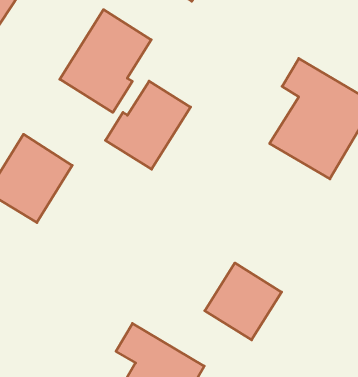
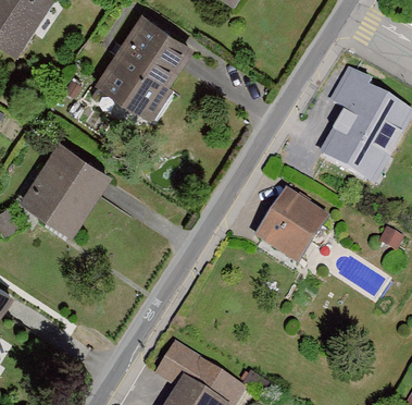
building: [105,81,191,169] -> none
building: [205,263,282,340] -> [254,187,335,268]

